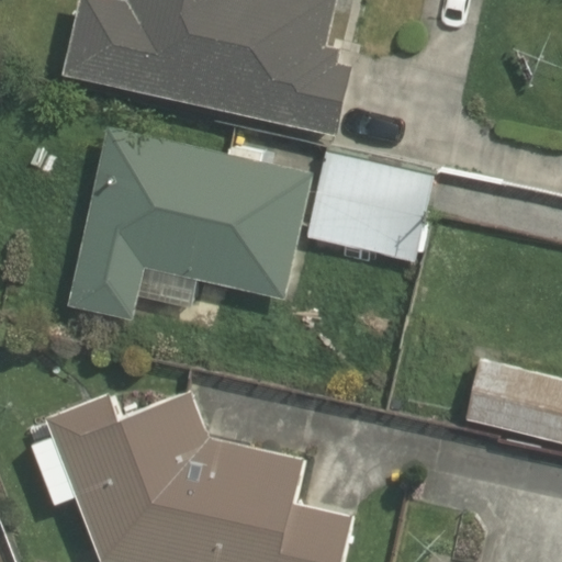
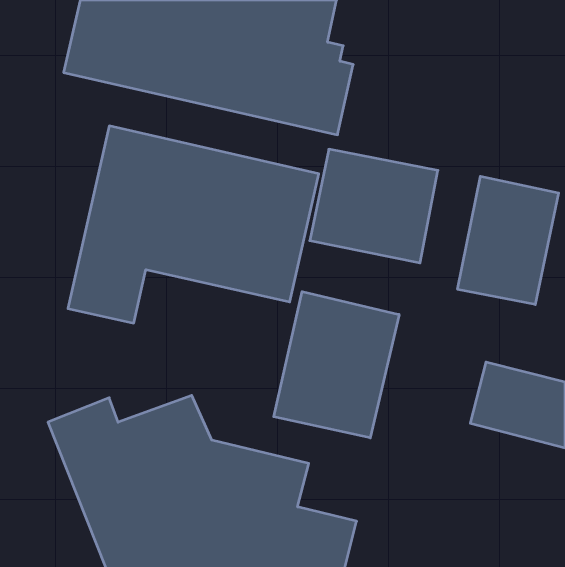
building: none -> [458,176,559,305]
building: none -> [274,292,399,438]

